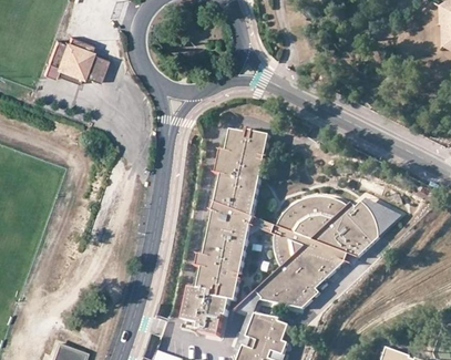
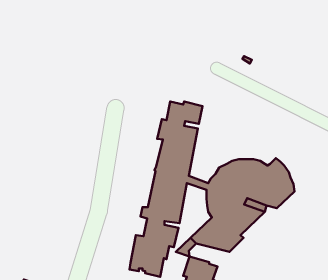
building: [43,35,106,81] -> none
building: [362,195,401,234] -> none

